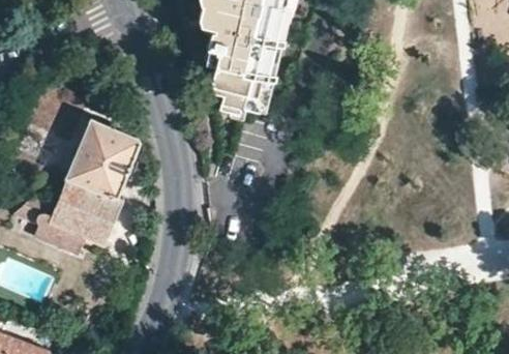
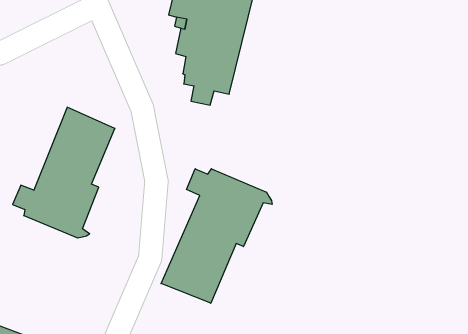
building: none -> [161,169,272,303]

